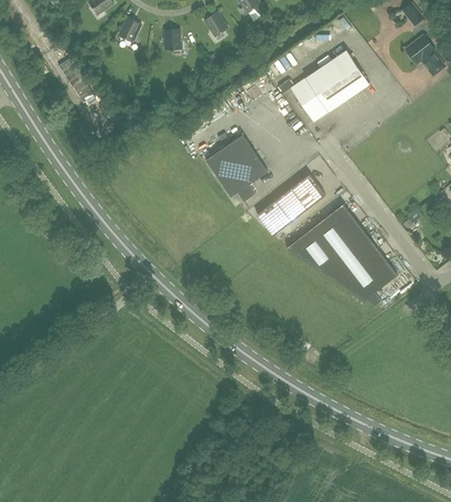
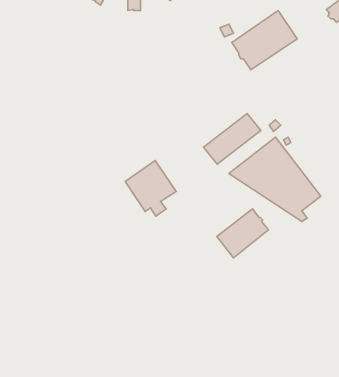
building: [206,133,268,201] -> [125,161,176,216]
building: none -> [217,209,268,258]

